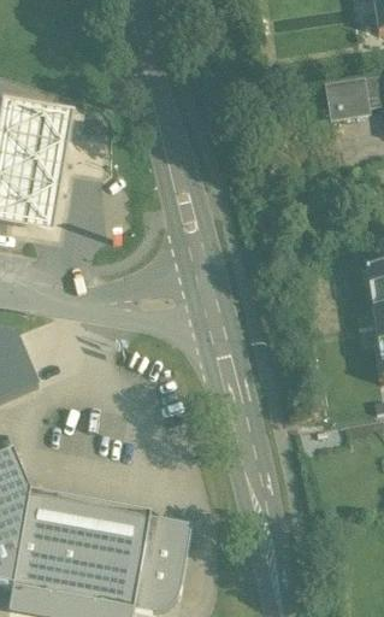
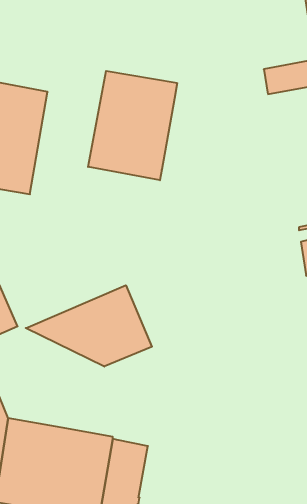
building: none -> [88,71,177,180]
building: none -> [26,285,152,367]

